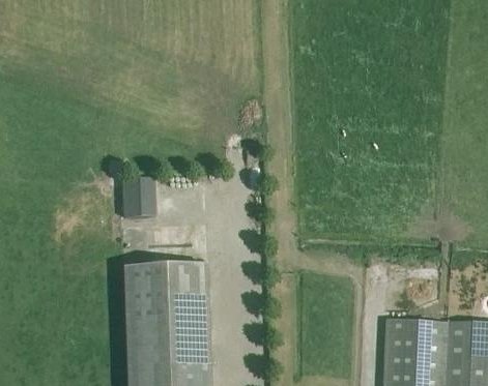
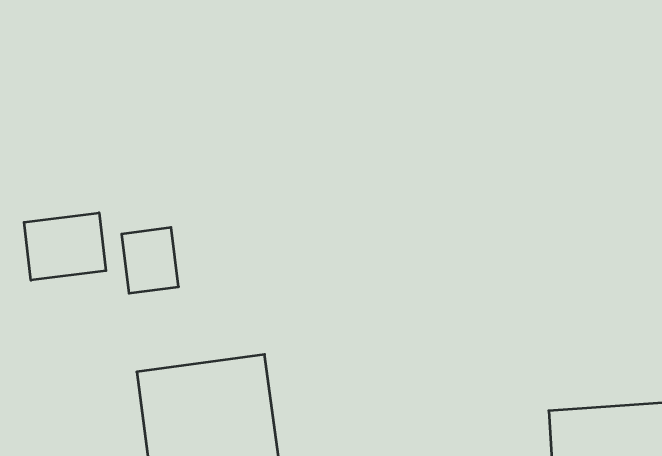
building: none -> [24,213,106,280]

